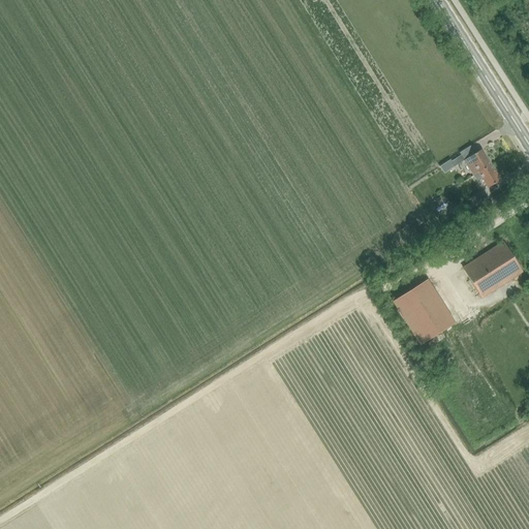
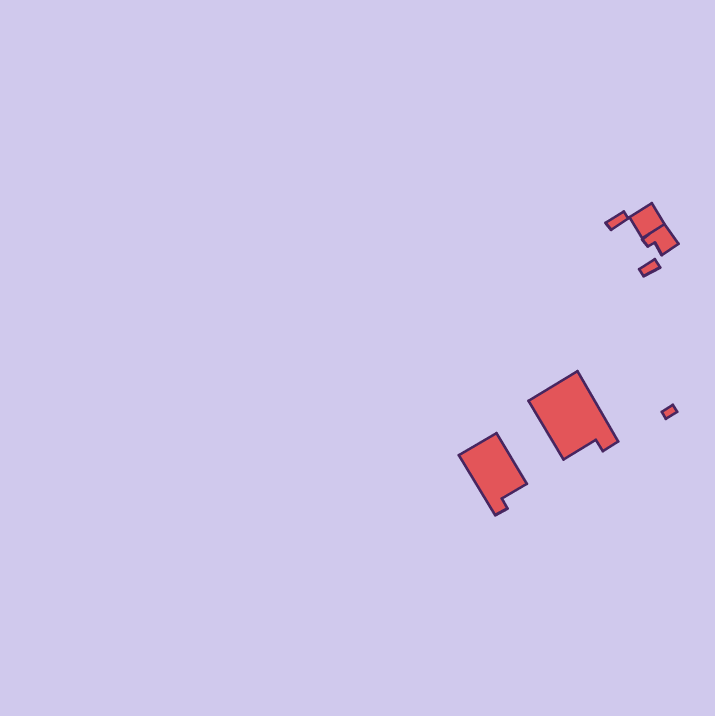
building: [464,242,523,299] -> none
building: none -> [459,433,527,515]

